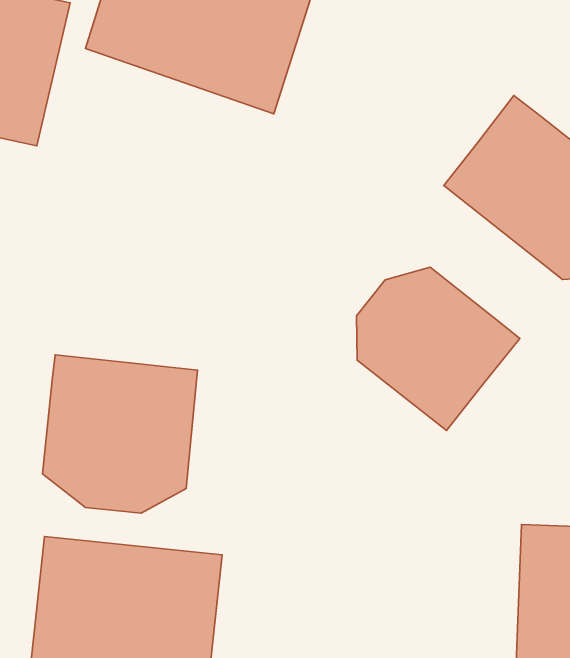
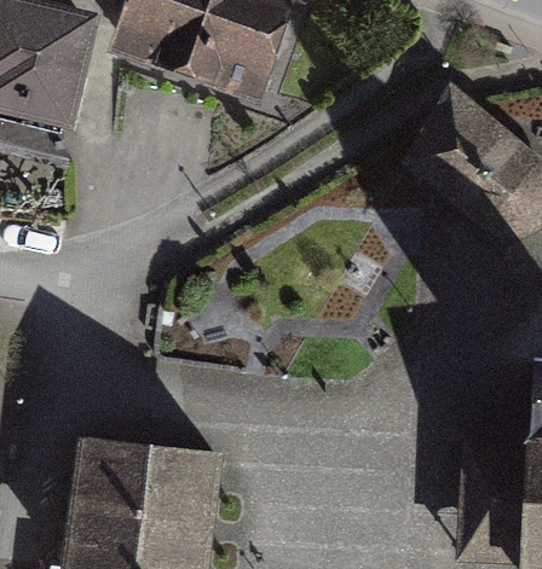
building: [356,267,520,430] -> none
building: [42,355,198,513] -> none

